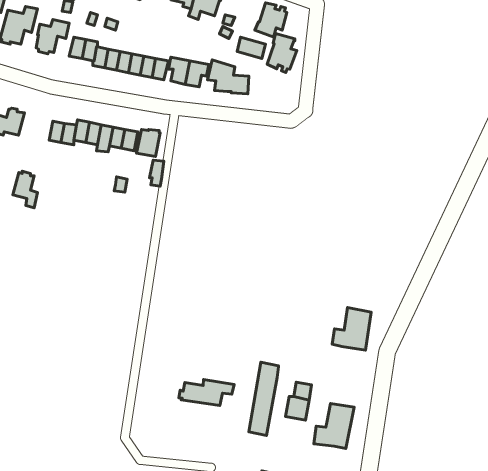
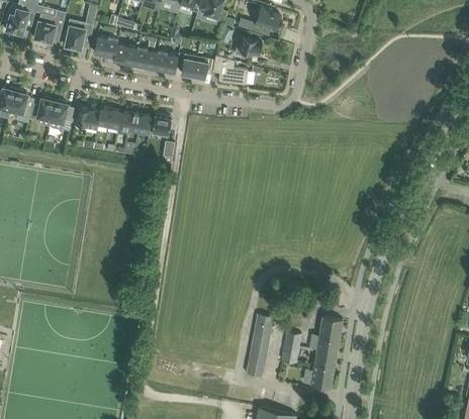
building: [267,33,297,73] -> none
building: [13,171,38,208] -> [50,100,71,131]
building: [332,308,371,350] -> [308,316,342,352]
building: [179,379,234,406] -> none

